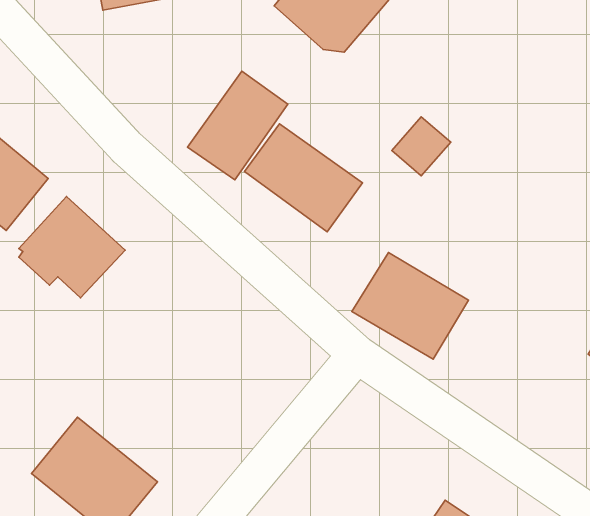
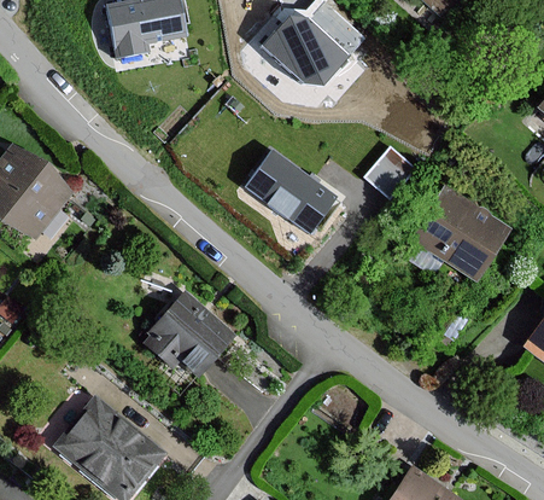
building: [187,71,288,180] -> none
building: [19,197,125,298] -> [144,291,235,378]
building: [352,253,468,359] -> [411,188,511,280]

